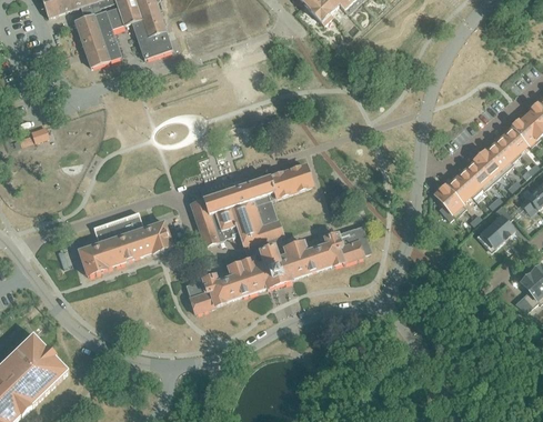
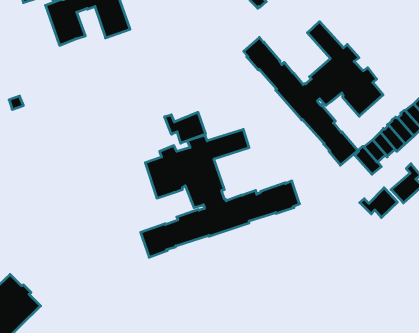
building: none -> [244,22,383,165]
building: none -> [165,112,205,143]
building: [79,211,172,274] -> none
building: none -> [360,188,397,218]

